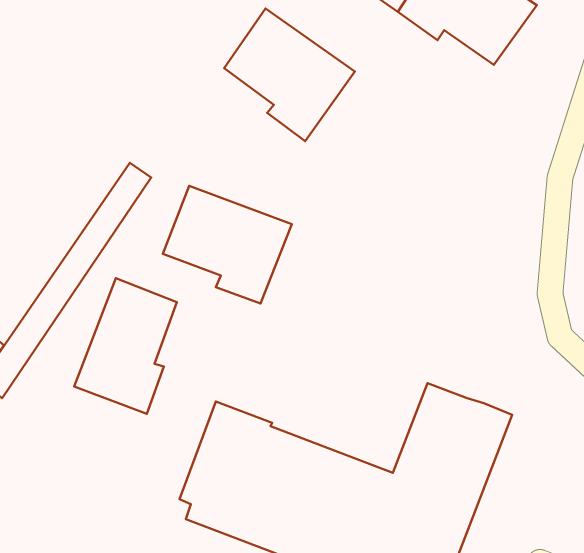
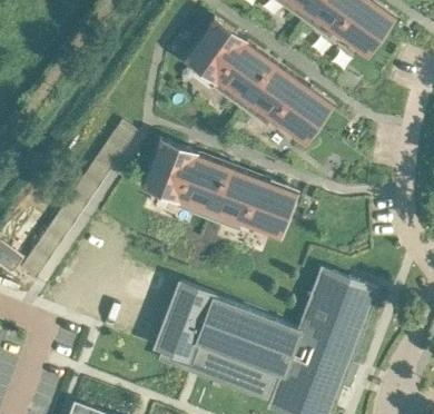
building: none -> [239,60,333,144]
building: none -> [209,162,298,235]
building: [74,278,177,414] -> none

